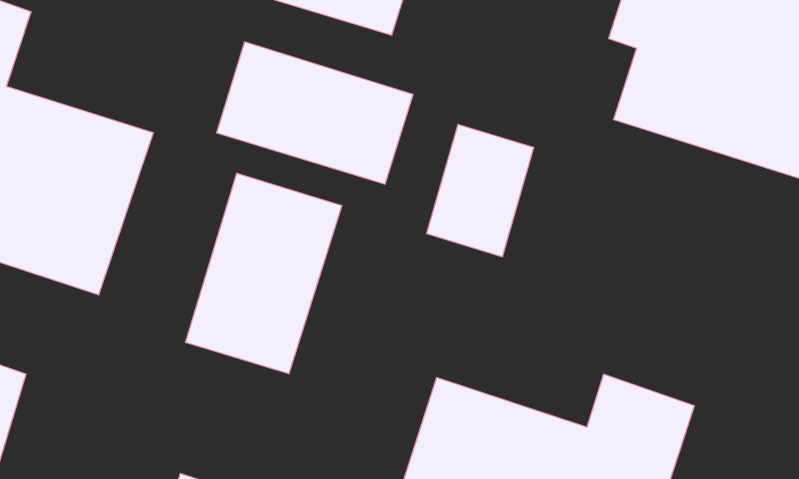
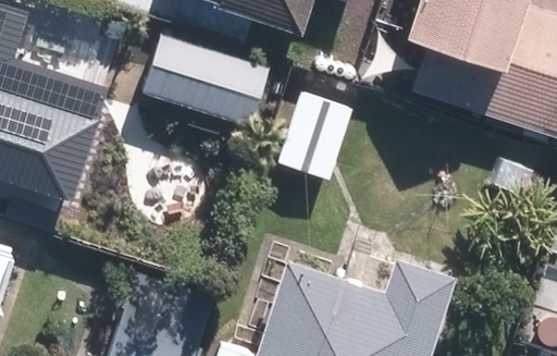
building: [185,173,342,374] -> none

